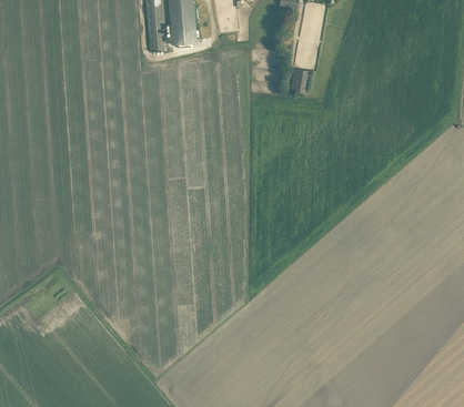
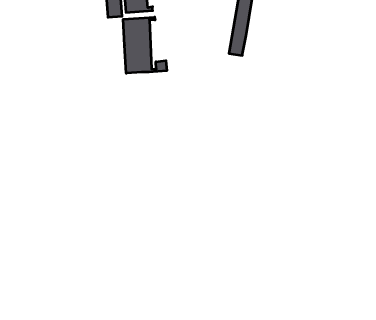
building: none -> [123,17,167,73]

